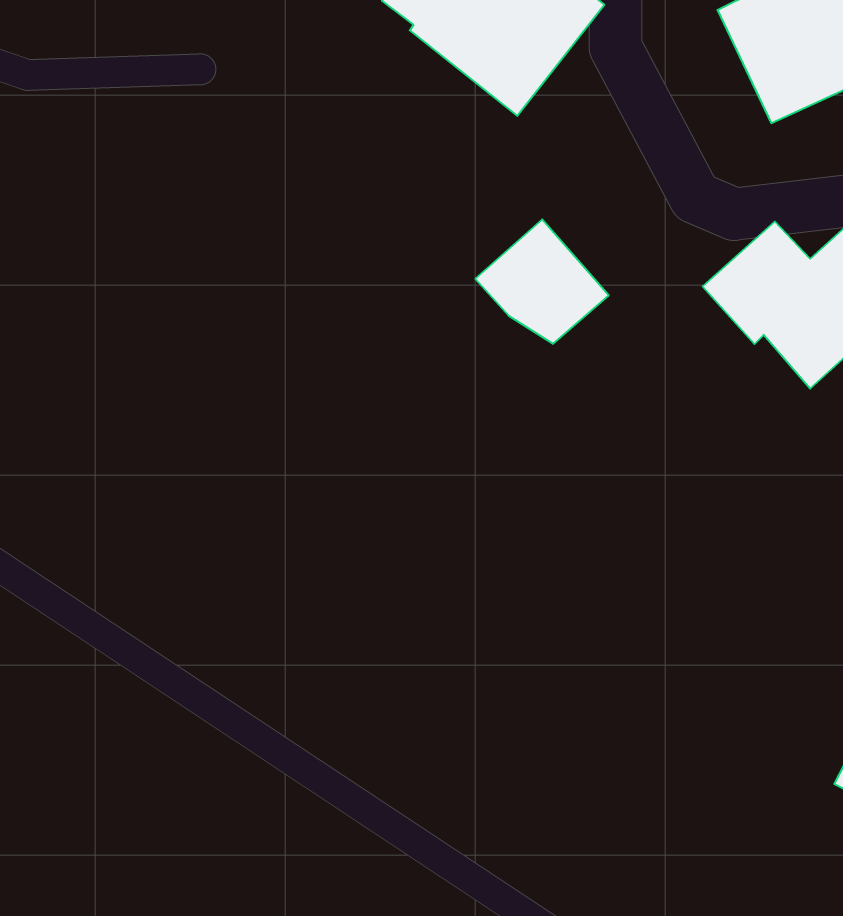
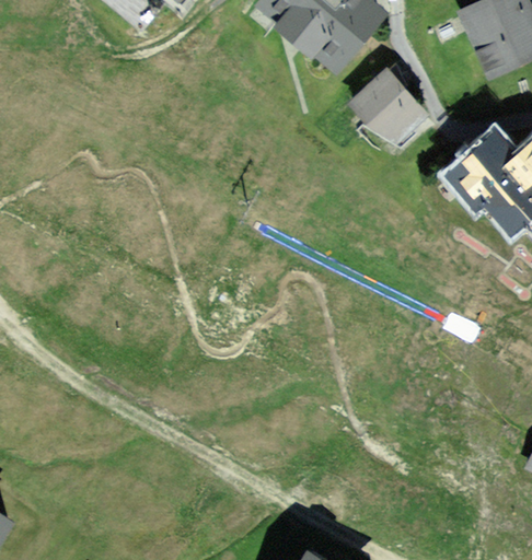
building: [475,219,609,344] -> [349,68,428,141]

